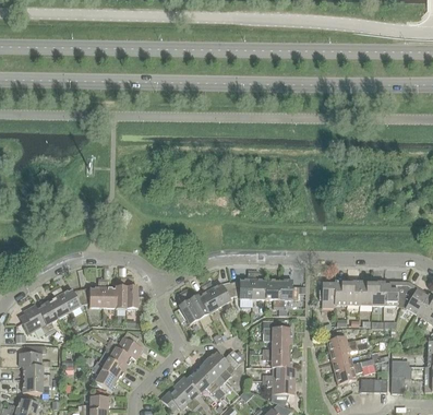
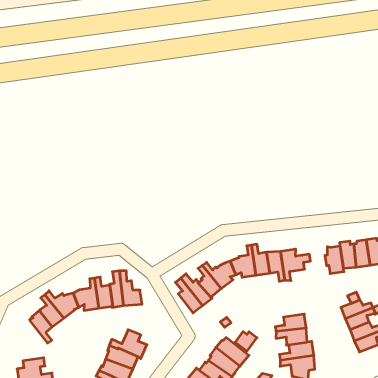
building: [21,305,50,335] -> none
building: [263,322,291,342] -> none

